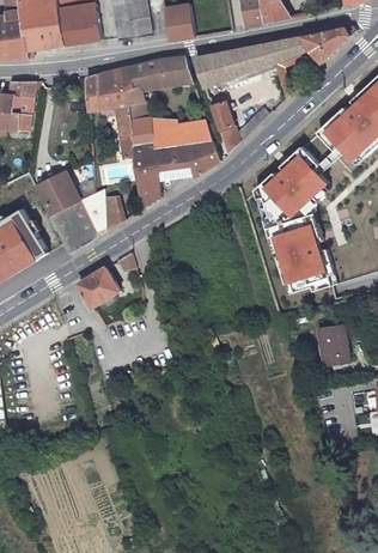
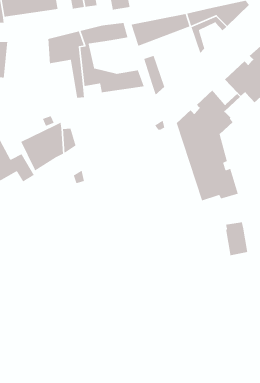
building: [133,139,220,209] -> none
building: [35,171,79,214] -> none
building: [78,267,120,309] -> none

